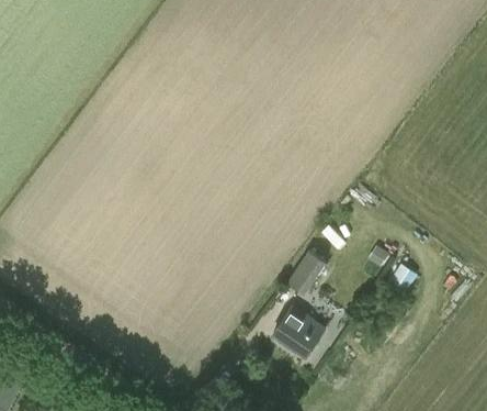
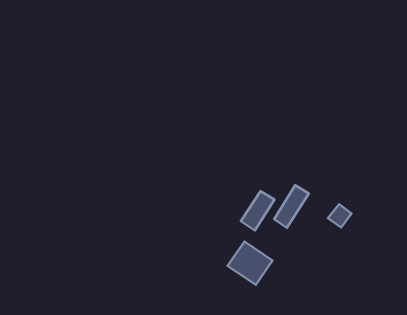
building: none -> [274,185,309,228]

